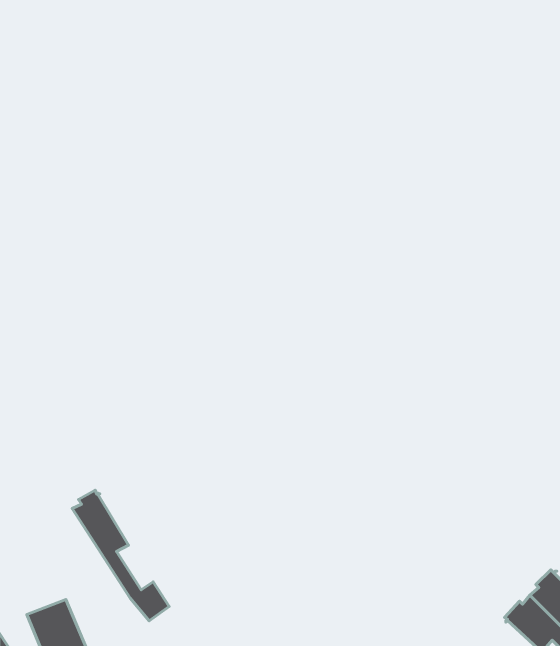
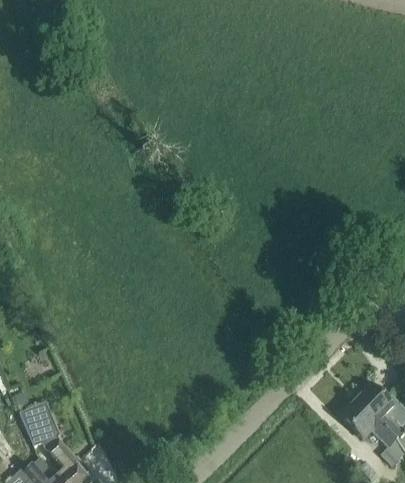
building: [72,490,169,621] -> none

